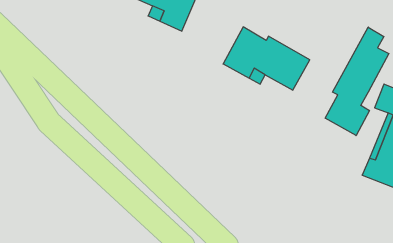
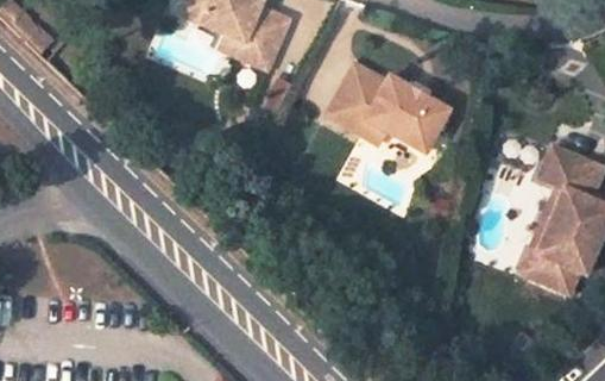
building: [325,27,389,136] -> none

